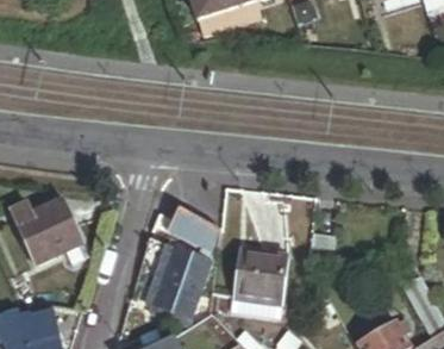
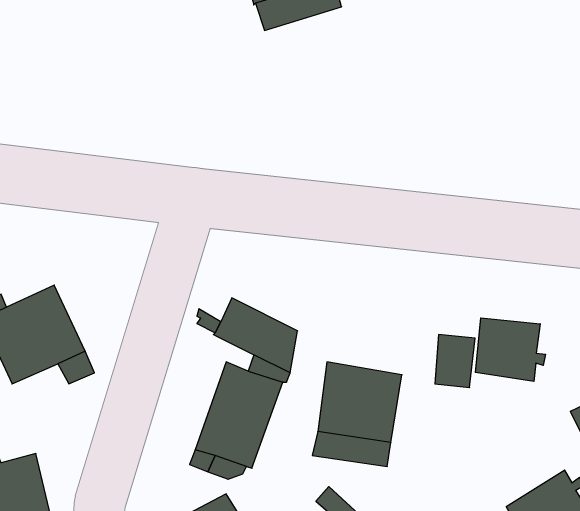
building: none -> [475,318,545,381]

